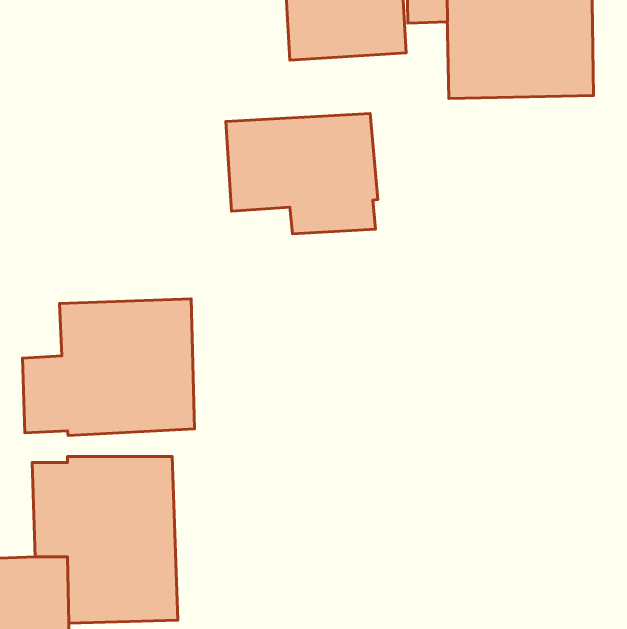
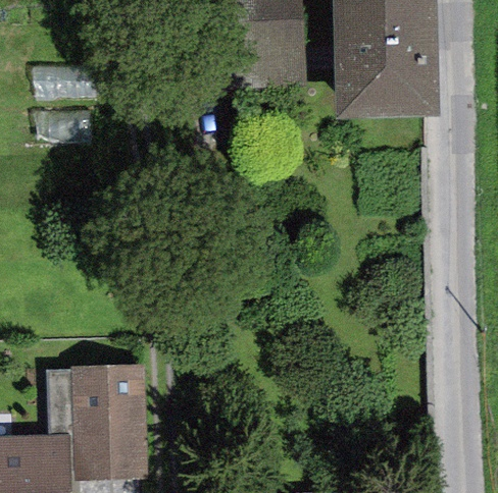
building: [226,114,378,234] -> none
building: [23,299,194,435] -> none

